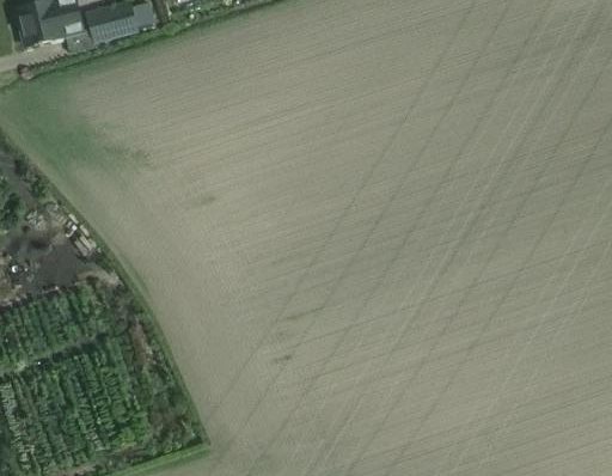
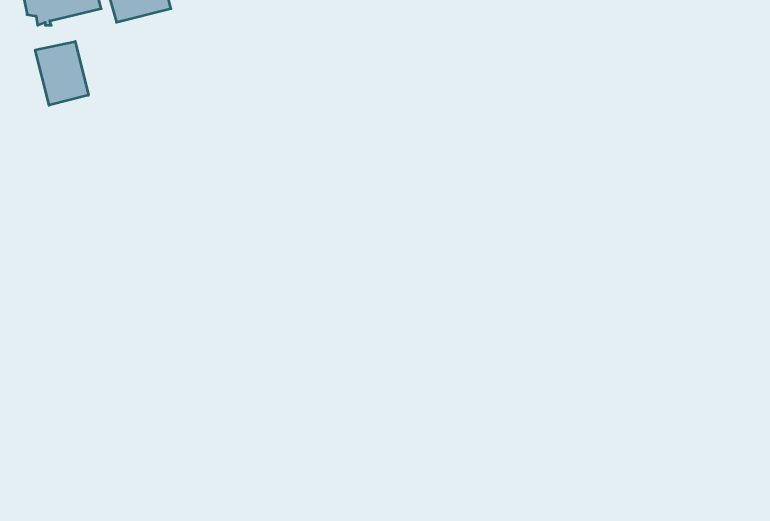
building: none -> [35,41,88,105]

